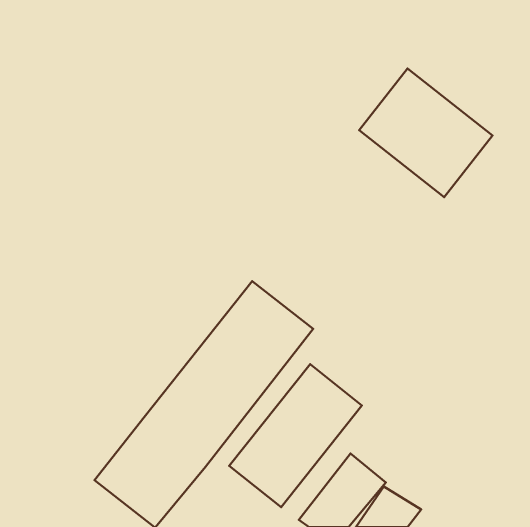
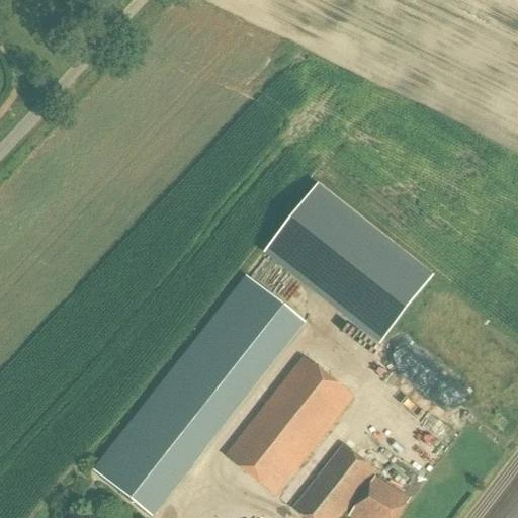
building: [359,69,492,197] -> none
building: none -> [267,187,431,340]

